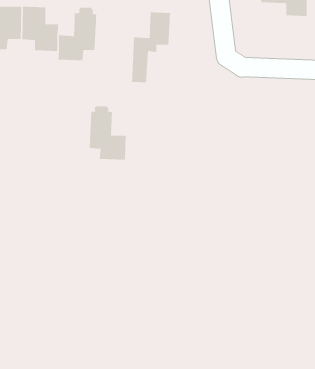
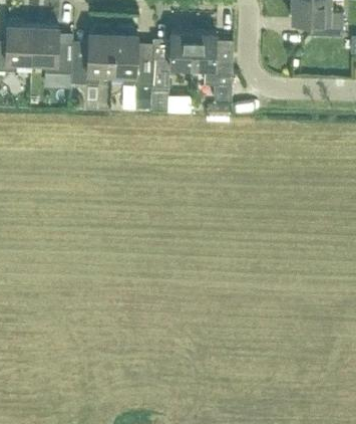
building: none -> [192,32,233,99]
building: [89,106,127,160] -> [111,27,152,86]

